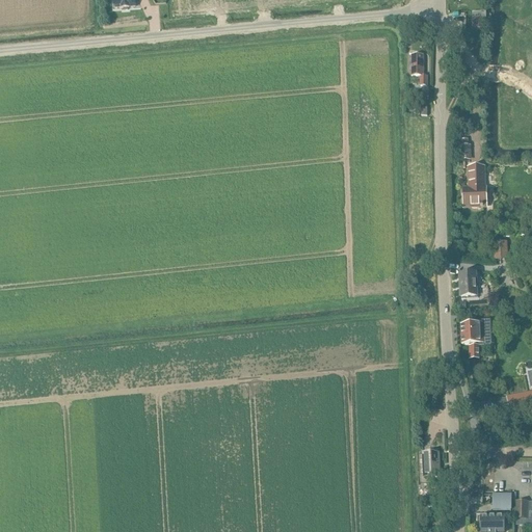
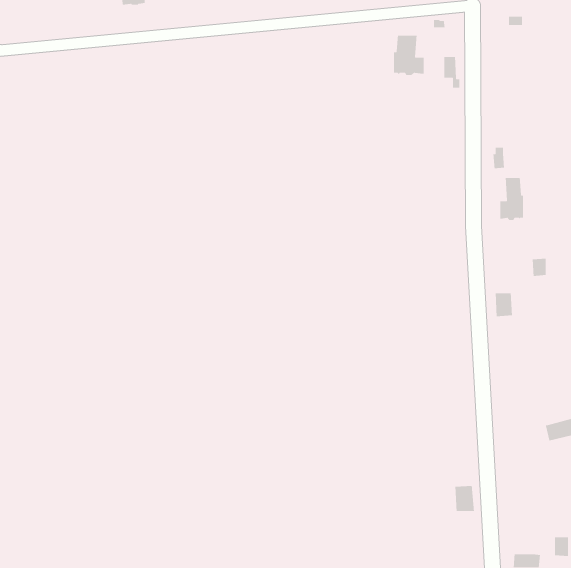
building: none -> [393,35,425,76]
building: [462,321,483,355] -> none
building: [493,490,513,511] -> none

